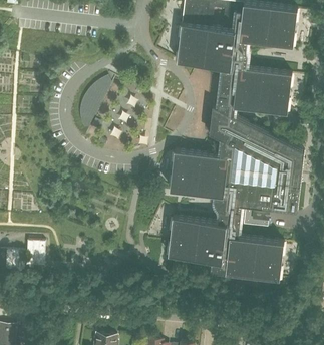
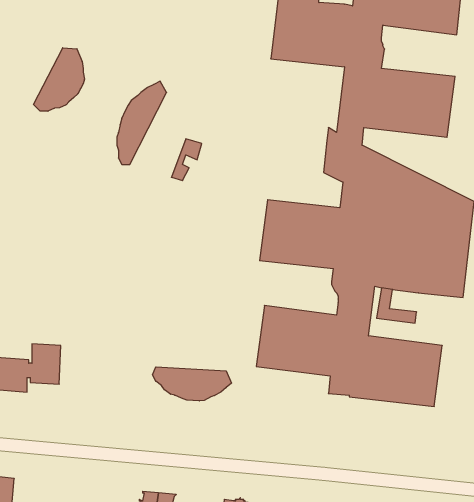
building: none -> [34,48,84,111]
building: none -> [152,367,231,401]

